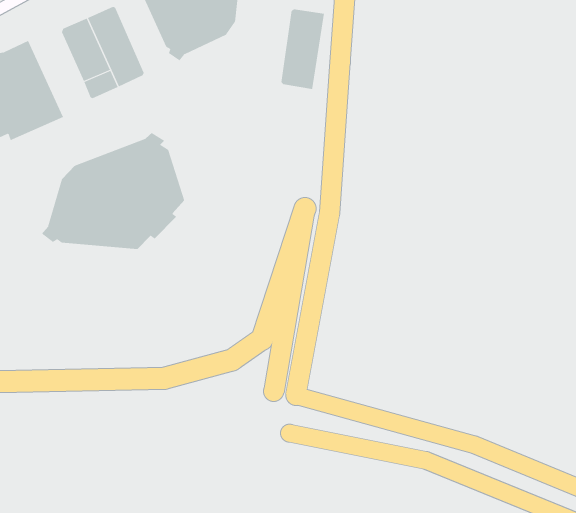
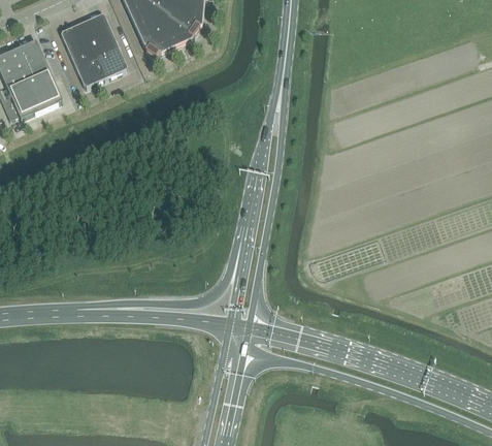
building: [281,9,324,90] -> none
building: [41,132,185,250] -> none

